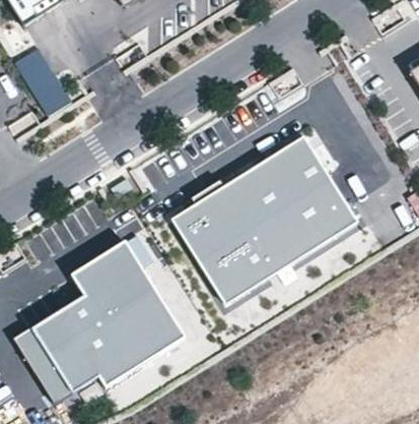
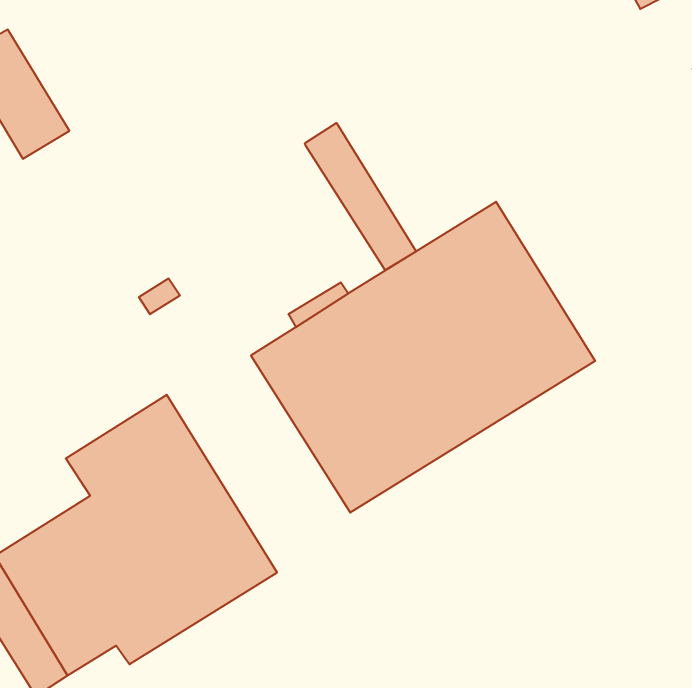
building: none -> [305,123,416,270]

